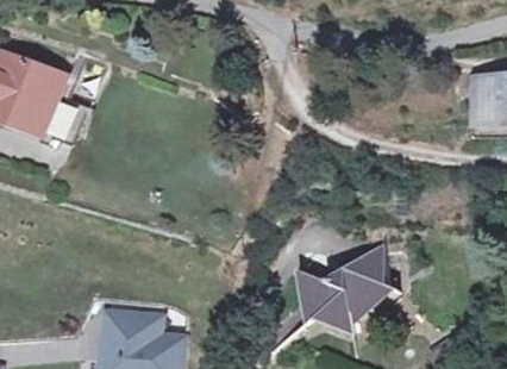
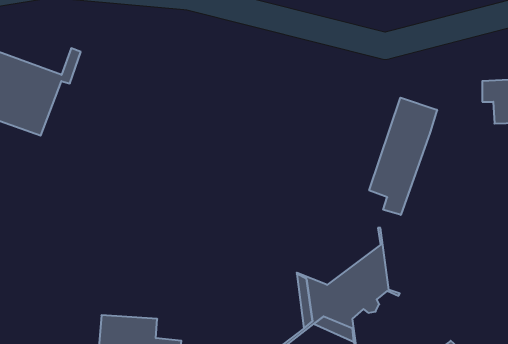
building: none -> [369,98,437,215]

